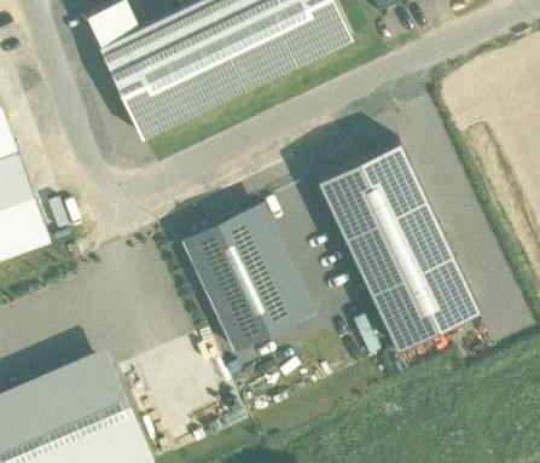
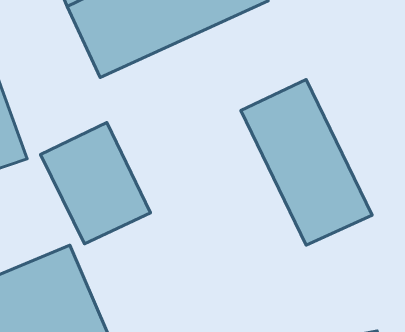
building: [181,202,318,353] -> [41,122,150,244]

